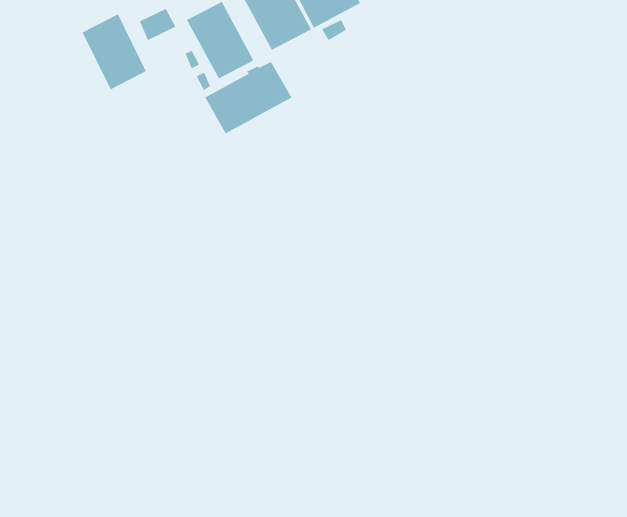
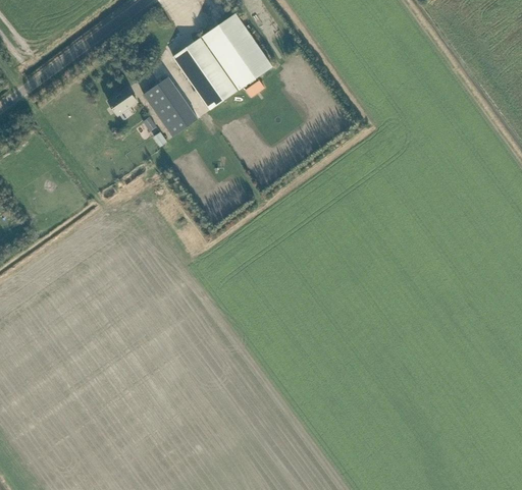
building: [82,14,147,90] -> none
building: [204,61,292,134] -> none

